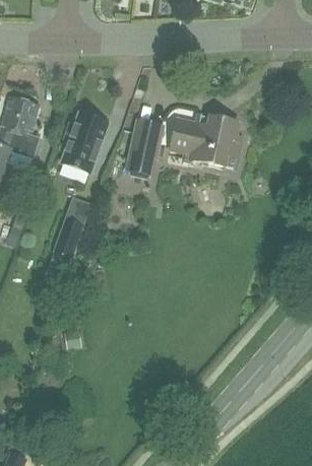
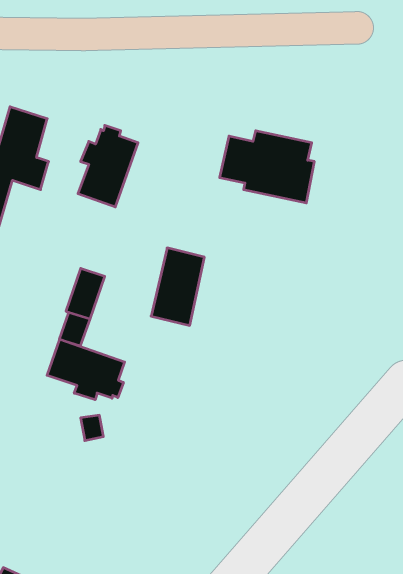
building: [123,116,164,175] -> [151,248,204,325]
building: none -> [47,339,125,400]

